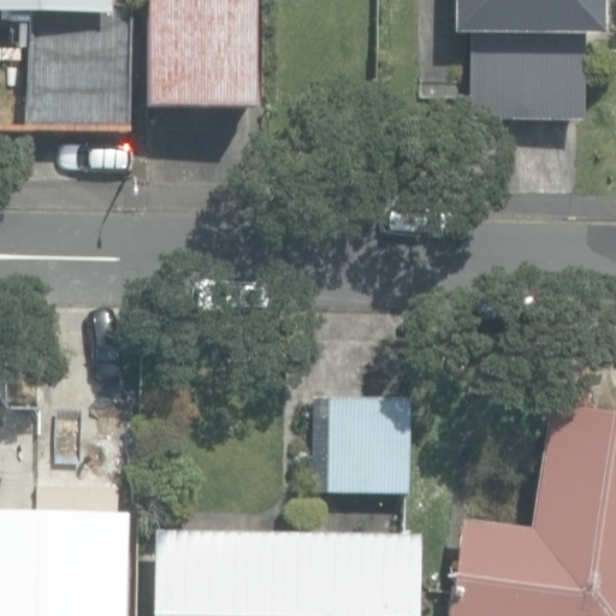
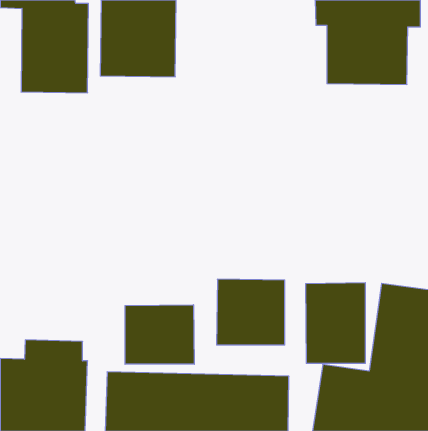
building: none -> [306,283,365,363]
building: none -> [125,305,194,364]

